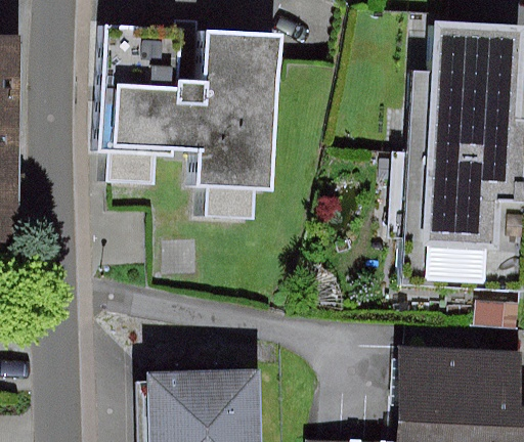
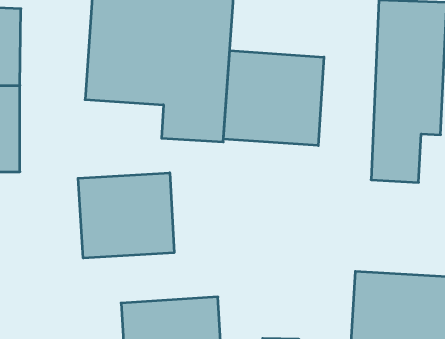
building: none -> [223,51,324,146]
building: none -> [78,173,174,258]

